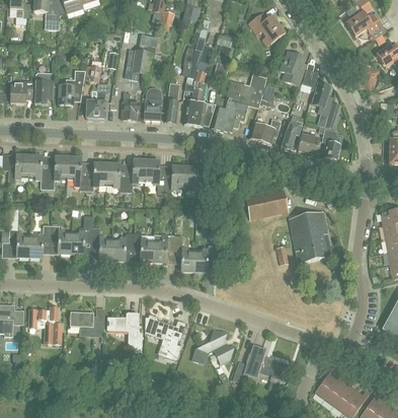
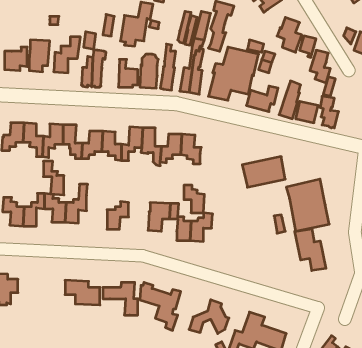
building: [91,226,111,260] -> [43,161,64,195]
building: [133,233,153,261] -> [184,185,204,213]
building: none -> [295,229,326,271]
building: [28,305,62,343] -> none

